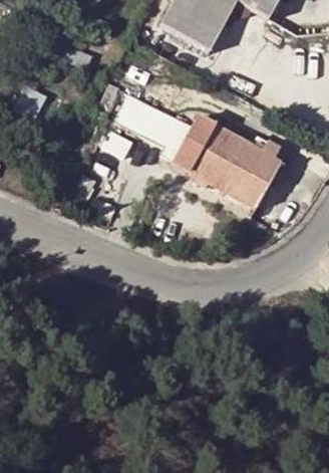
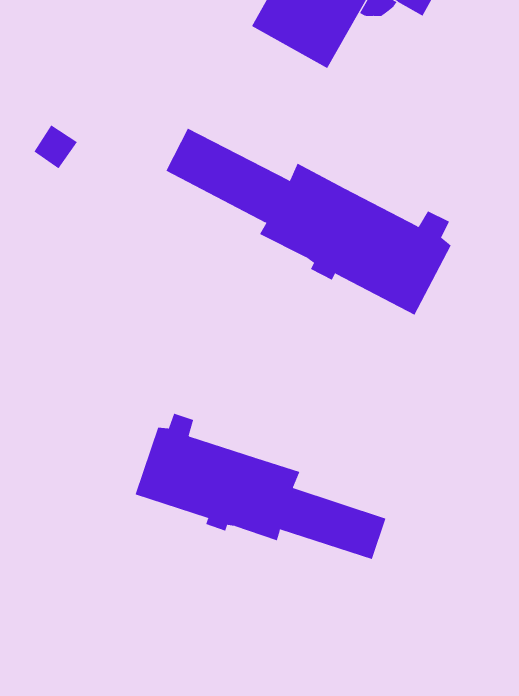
building: none -> [135,413,386,560]

